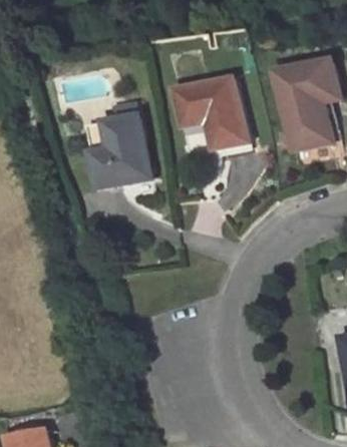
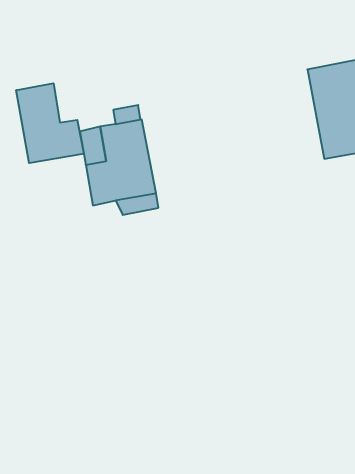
building: [176,79,247,148] -> none
building: none -> [16,83,84,163]

